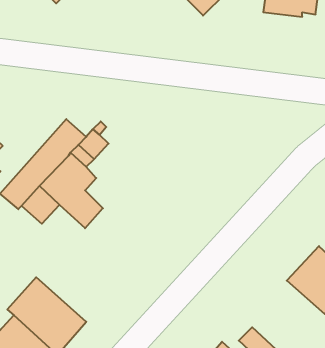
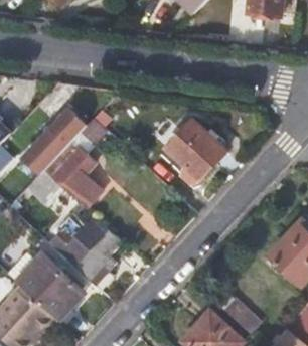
building: none -> [162,118,226,187]
building: none -> [46,217,122,290]

